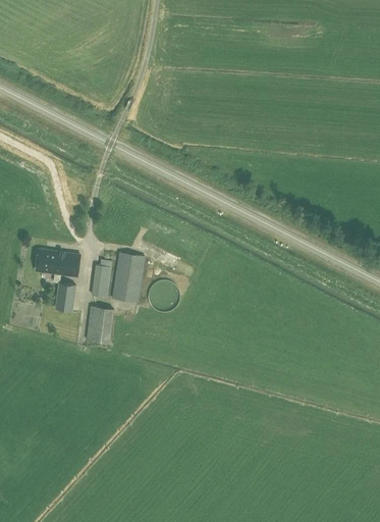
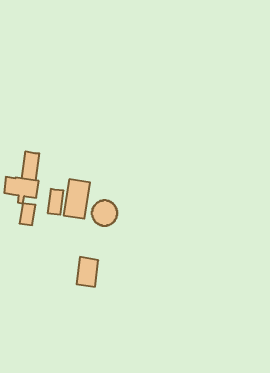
building: none -> [22,151,39,180]
building: [86,305,113,343] -> [77,257,98,287]

